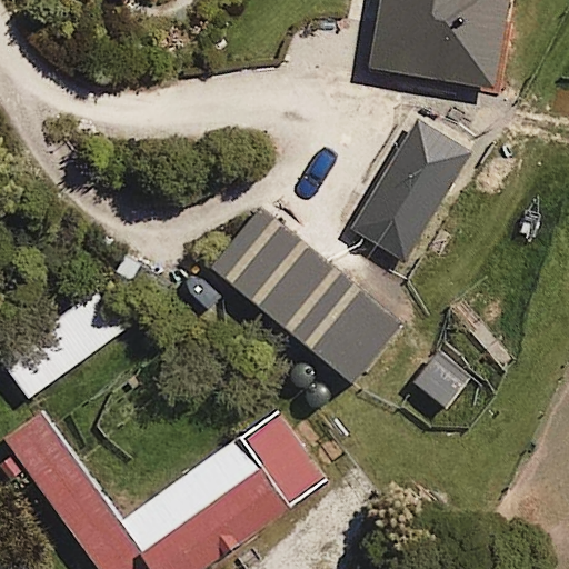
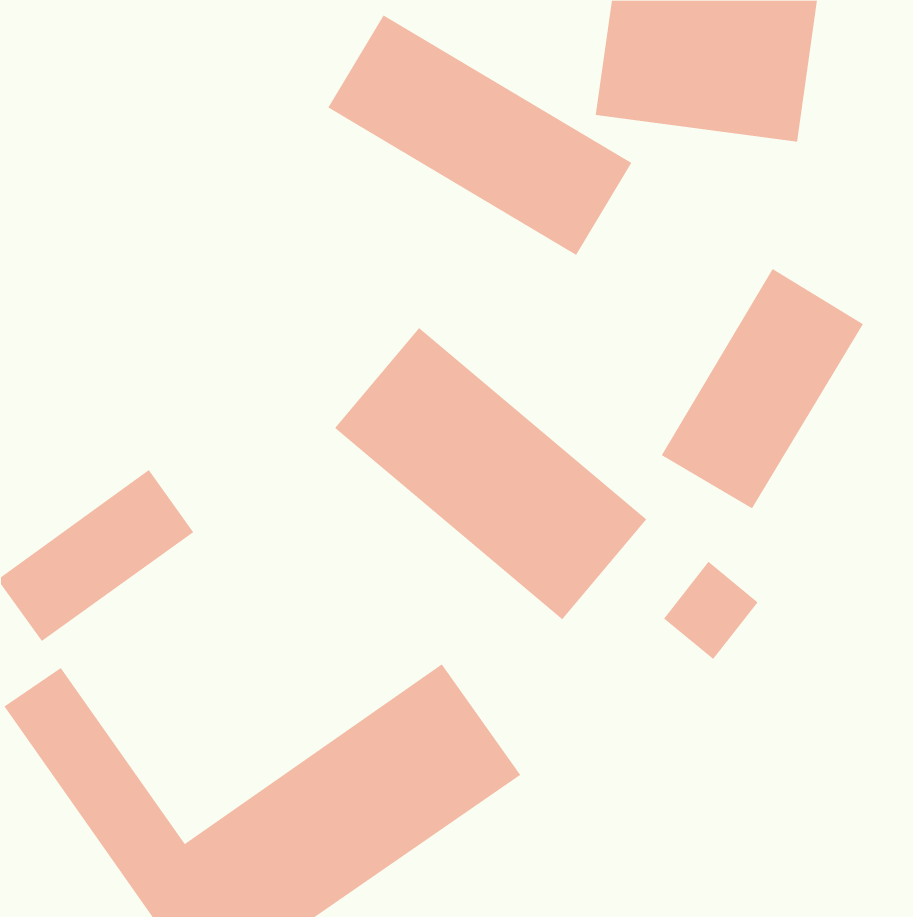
building: none -> [328,14,632,256]
building: [350,114,476,263] -> [661,268,864,509]

